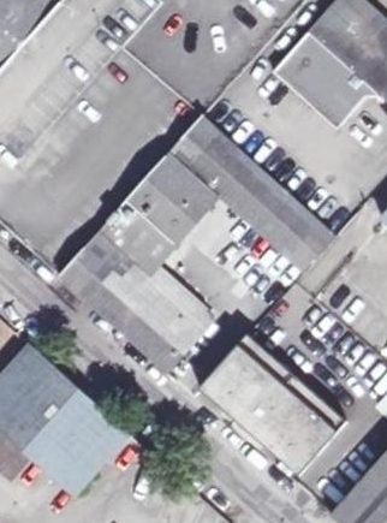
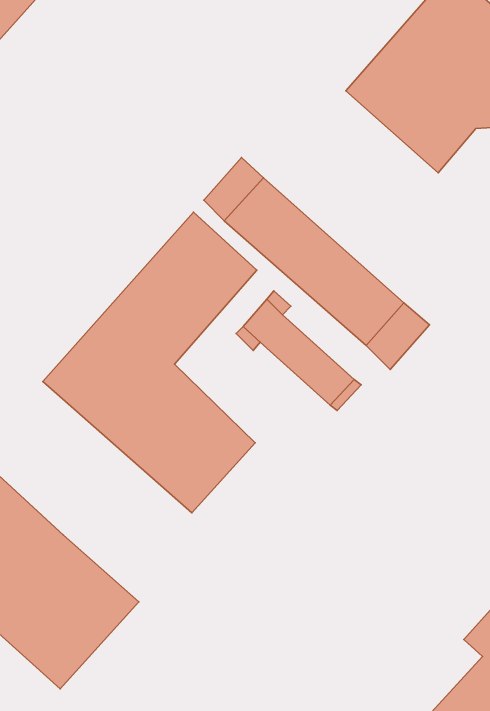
building: [202,334,345,474] -> none

